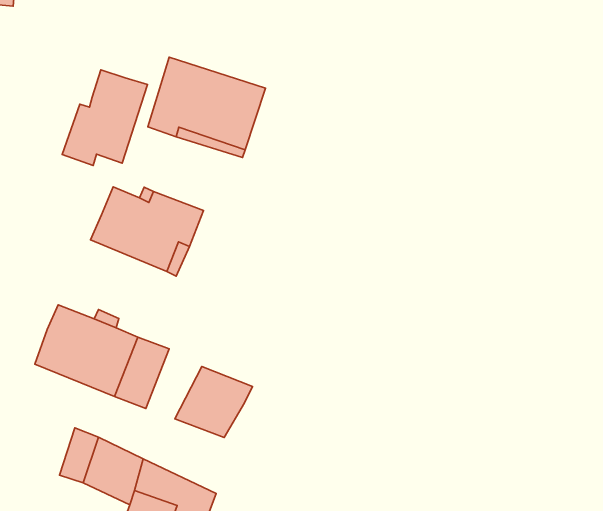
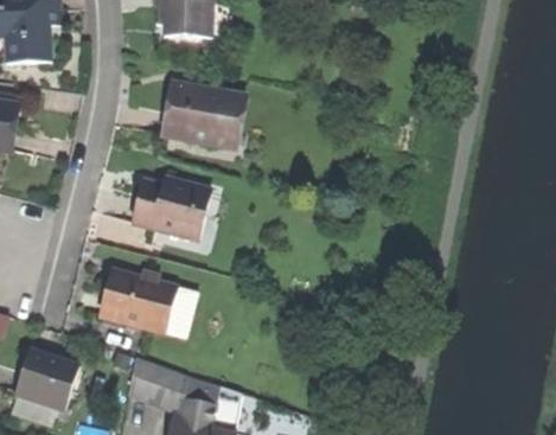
building: [62,70,148,165] -> none
building: [175,367,253,438] -> none

